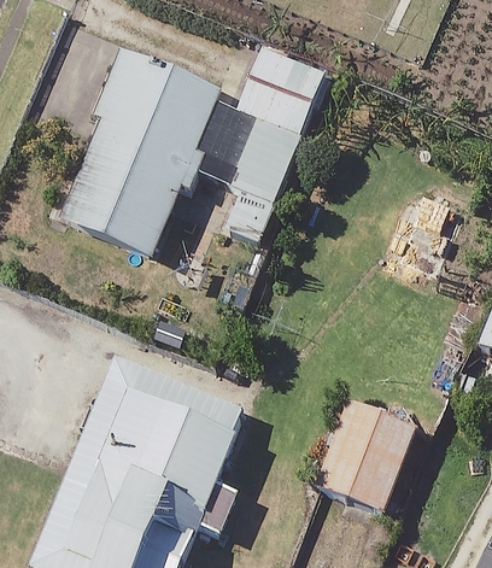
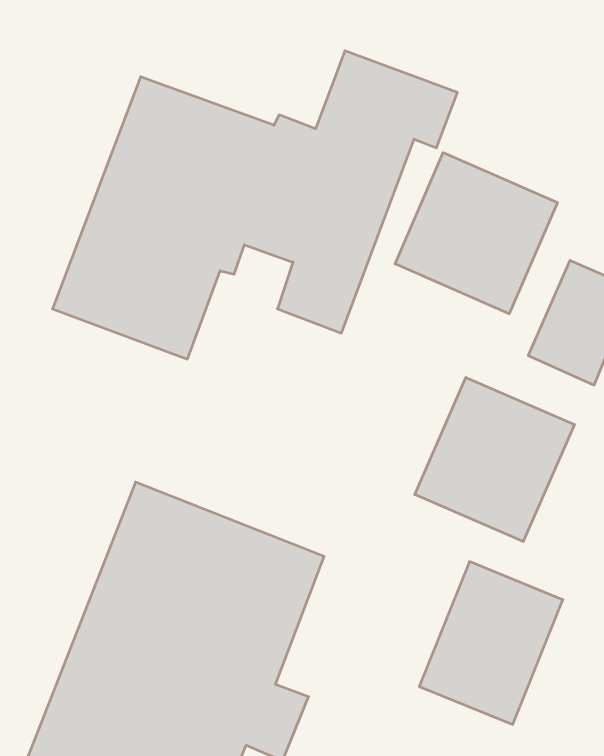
building: none -> [395,153,557,314]
building: none -> [415,377,574,542]

